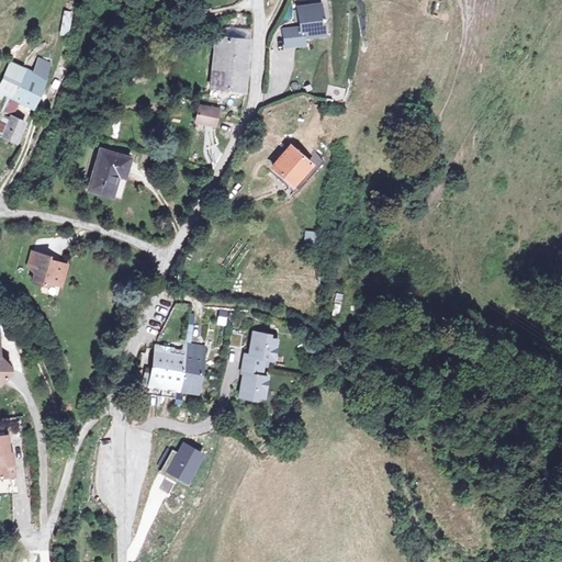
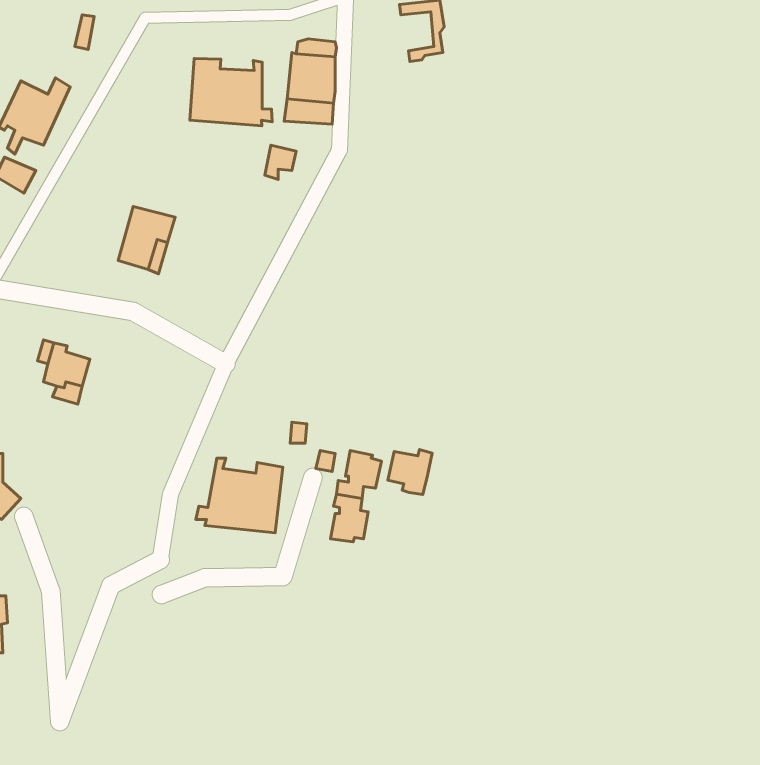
building: [280,9,318,48] -> none
building: none -> [190,59,272,126]
building: [271,148,306,184] -> none
building: none -> [388,449,432,495]
building: [155,442,203,486] -> none

